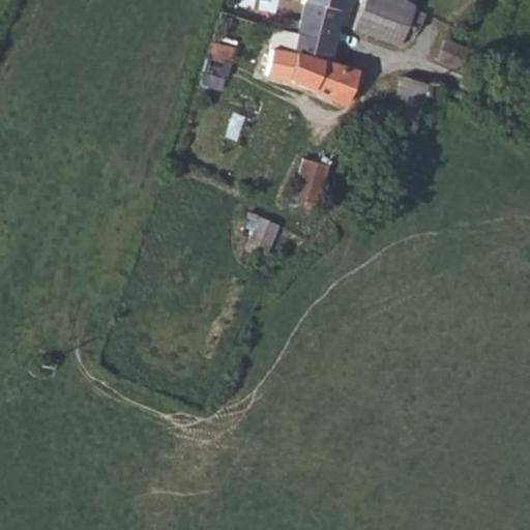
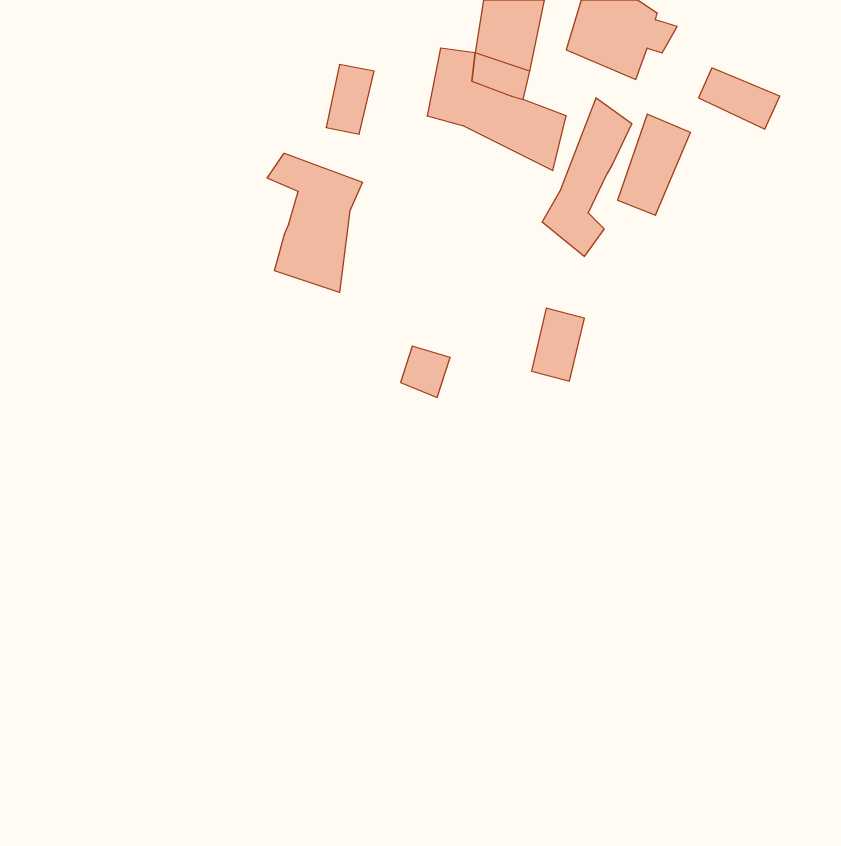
building: none -> [542,98,632,257]
building: none -> [267,153,363,292]
building: [296,157,329,203] -> [531,308,584,381]

